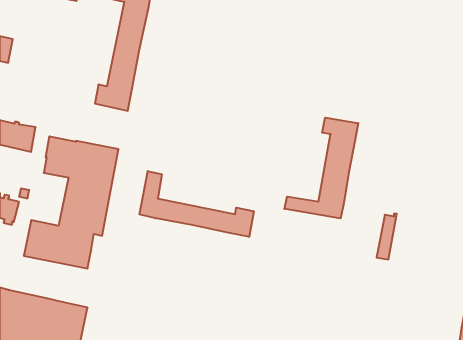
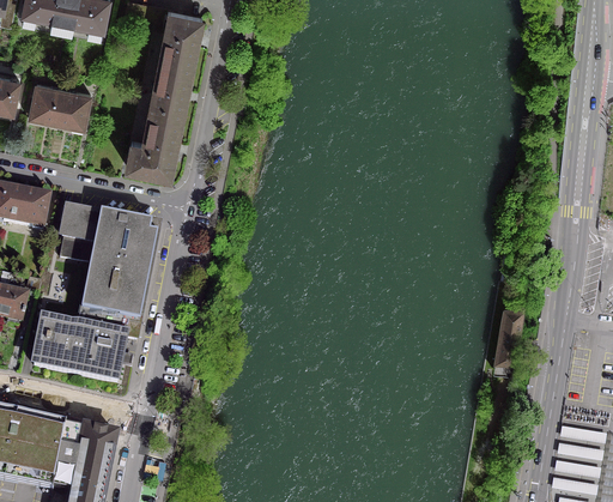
building: none -> [30,84,90,126]
building: [284,118,358,218] -> none
building: [140,171,254,237] -> none

